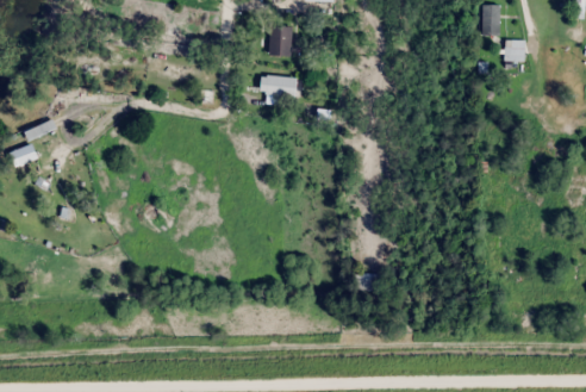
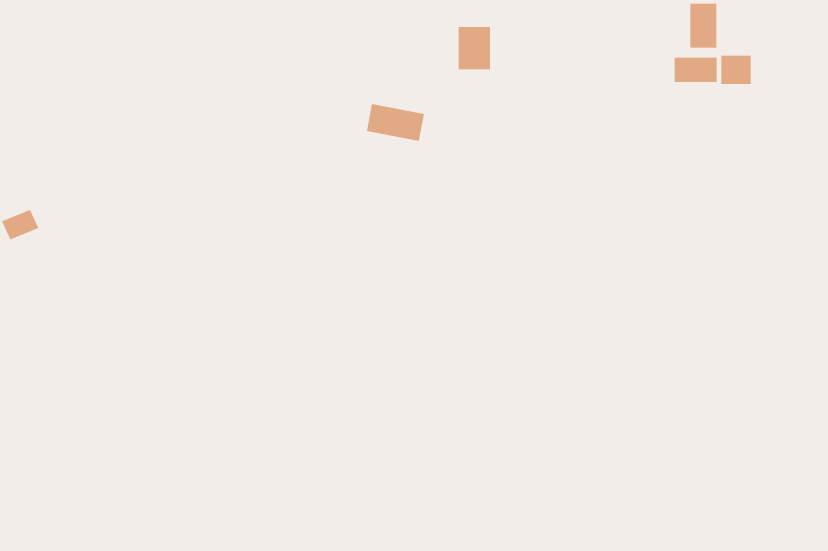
building: [269,26,292,56] -> [458,27,491,70]
building: none -> [674,57,717,83]

